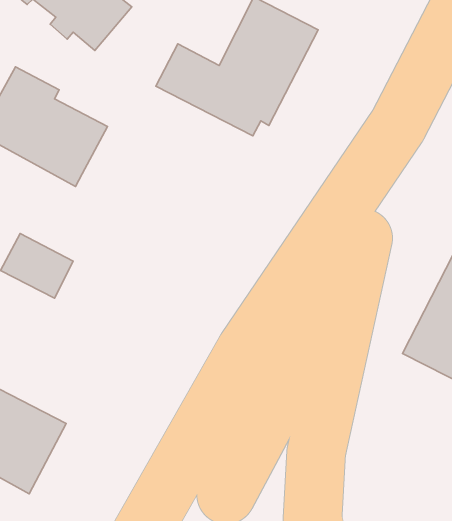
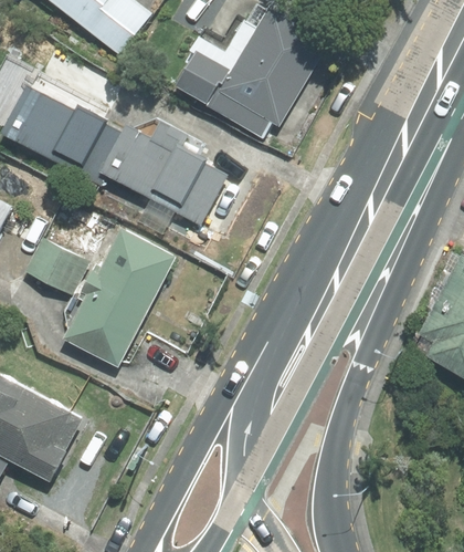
building: none -> [101,121,224,226]
building: none -> [59,226,175,367]

